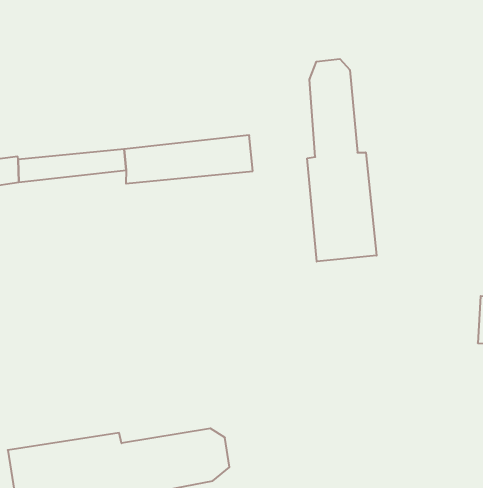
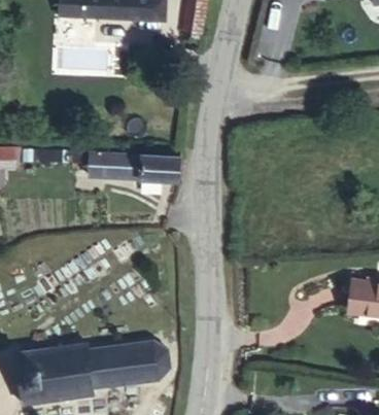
building: [307,59,377,262] -> none

